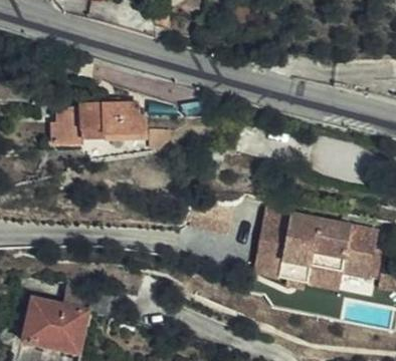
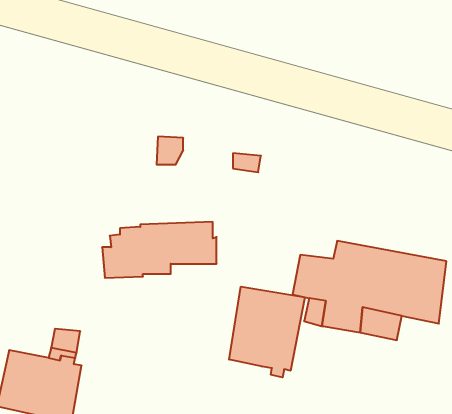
building: [50,100,141,144] -> [102,222,217,278]
building: none -> [229,287,305,377]

